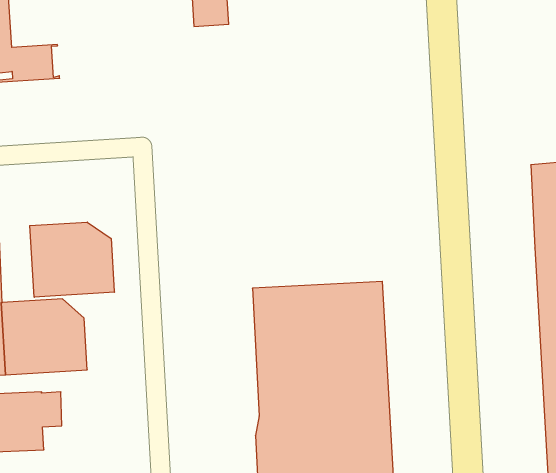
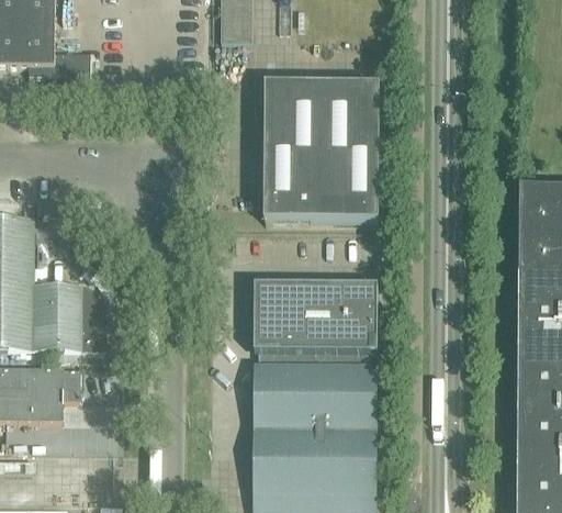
building: none -> [265,85,379,221]
building: [30,222,114,297] -> none

